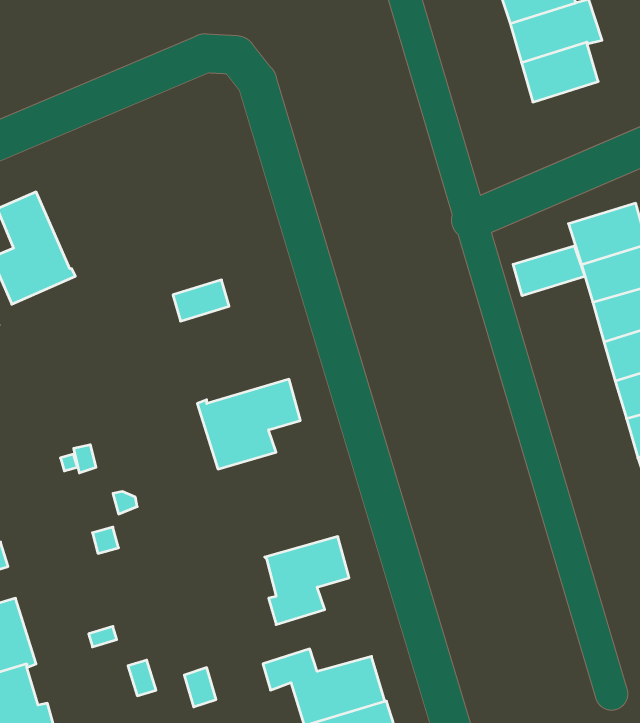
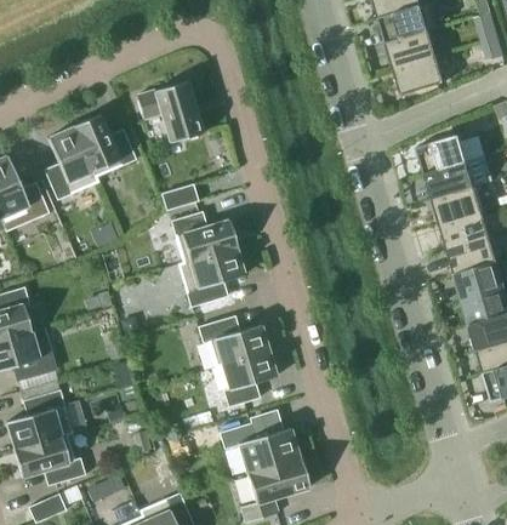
building: none -> [394,55,445,95]
building: none -> [136,80,203,142]
building: none -> [73,113,136,176]
building: [513,246,585,296] -> none
building: none -> [171,211,238,263]
building: none -> [198,314,268,366]

